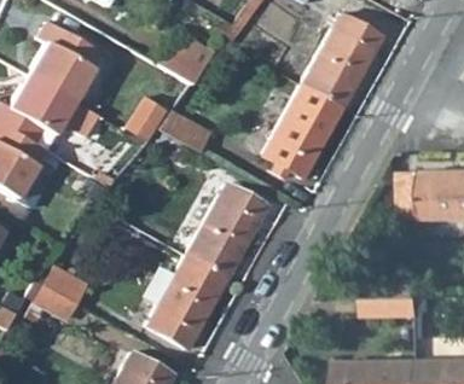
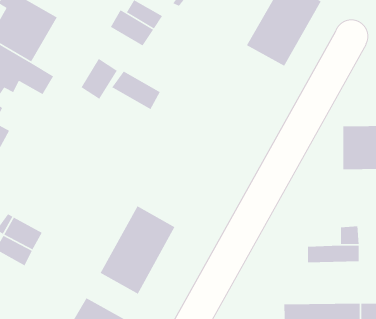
building: [262,85,344,180] -> none
building: [187,184,268,278] -> none

